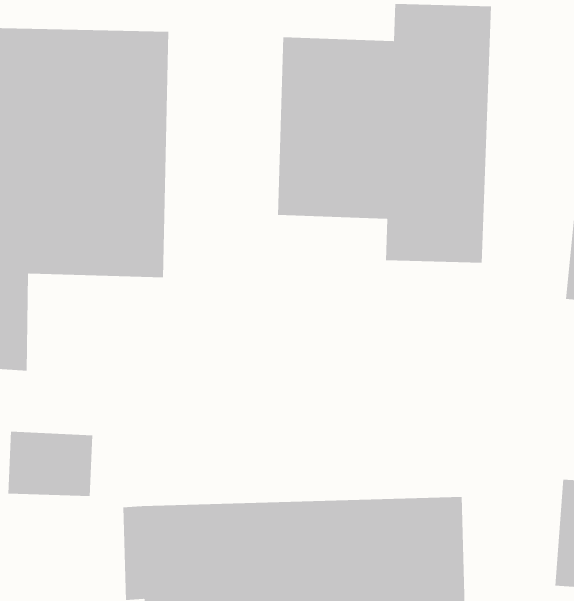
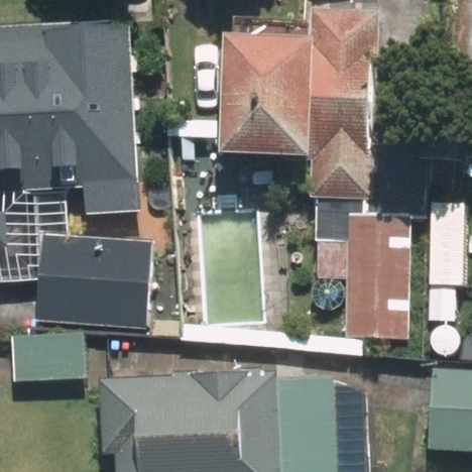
building: none -> [311,211,419,339]
building: none -> [33,239,156,325]

